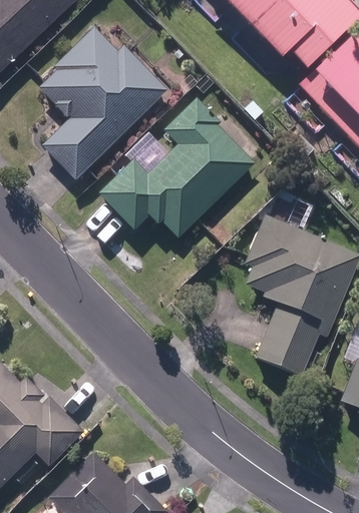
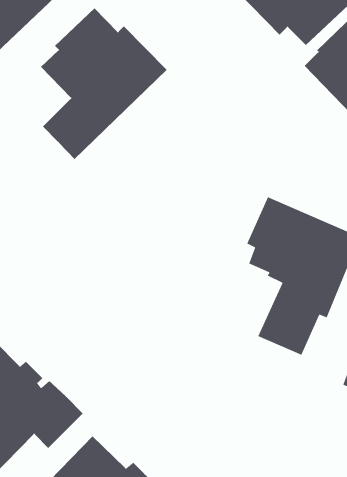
building: [98,99,253,237] -> none

